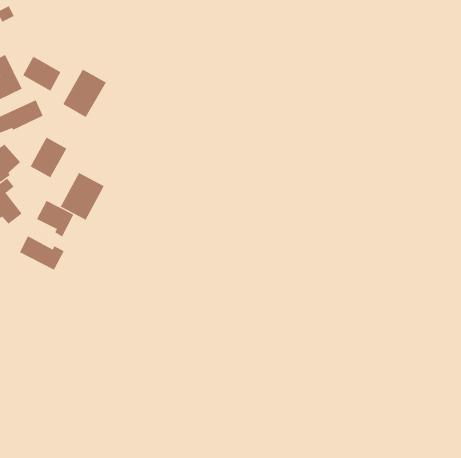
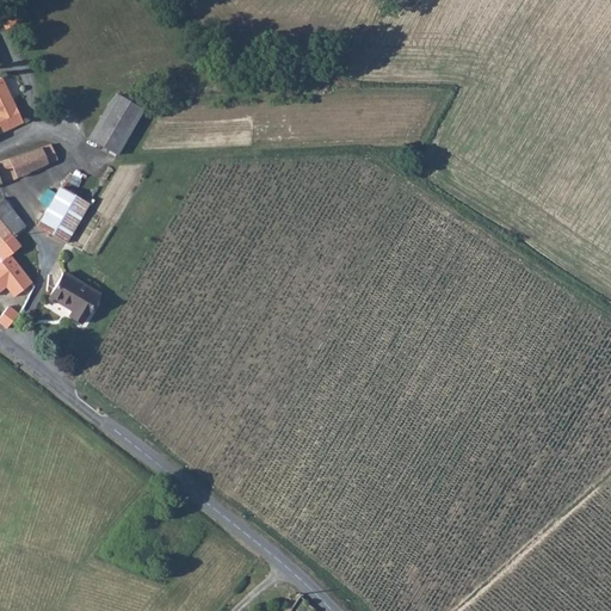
building: [22,56,61,91] -> none
building: [60,172,105,221] -> none
building: [19,236,65,271] -> none

